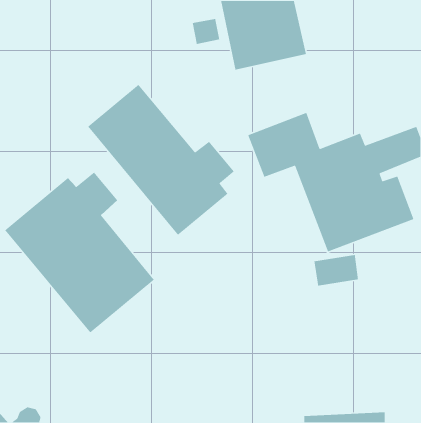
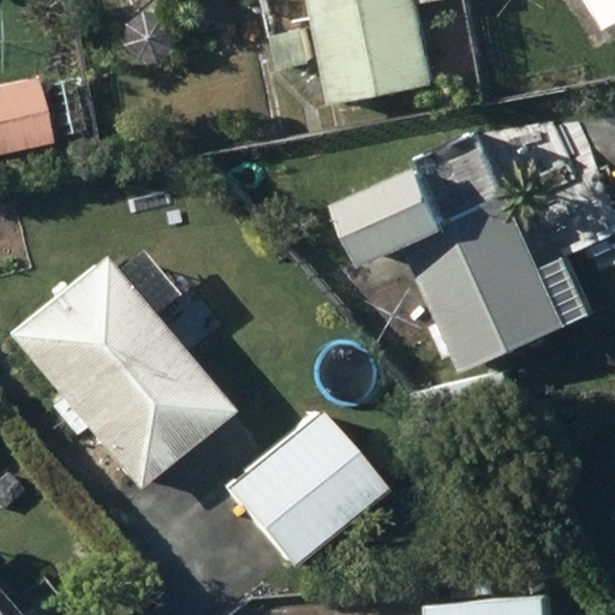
building: [87,84,235,236] -> none
building: none -> [226,411,380,563]

